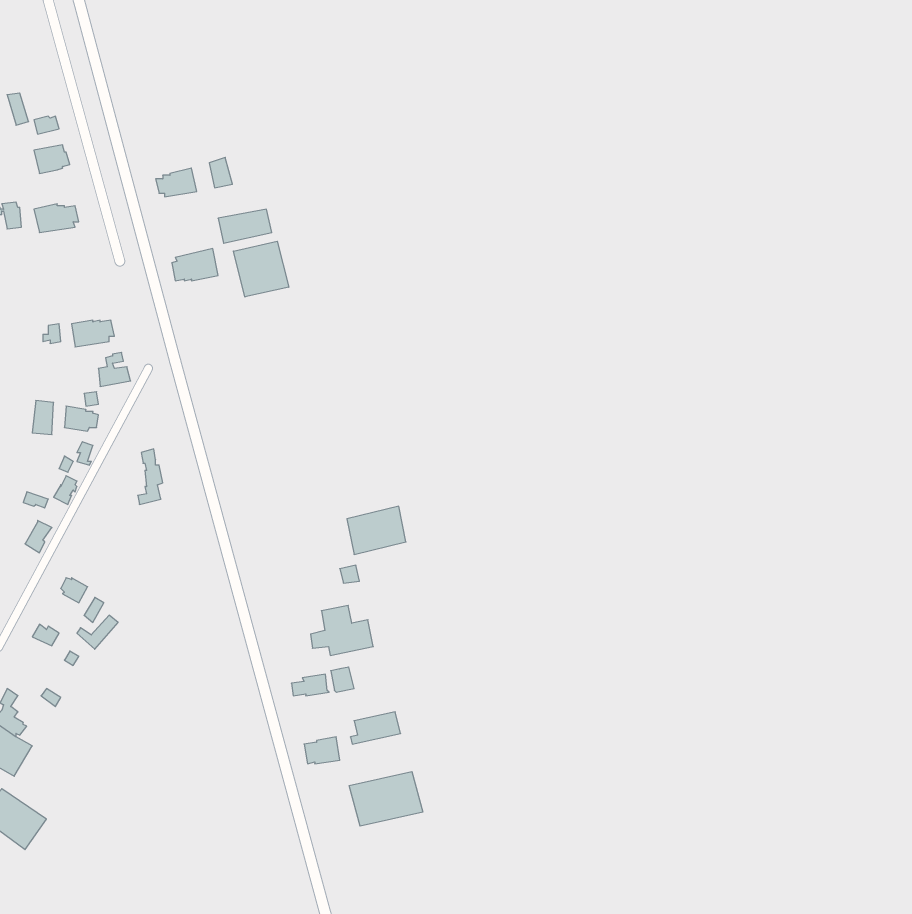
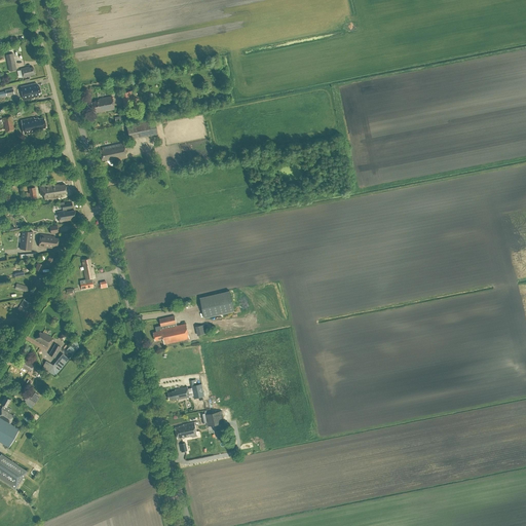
building: [233,241,289,297] -> none
building: [311,605,373,655] -> [152,315,188,344]
building: [349,772,423,826] -> none

